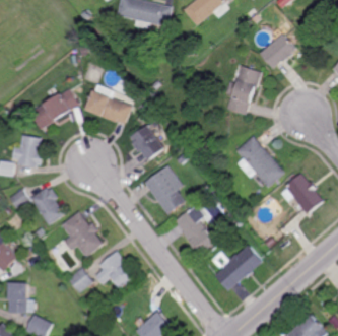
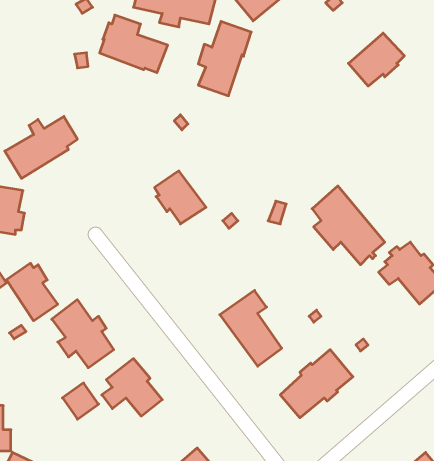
building: [225,65,261,115] -> [198,21,251,96]
building: [85,84,131,123] -> [100,15,168,73]
building: [143,163,185,215] -> none

